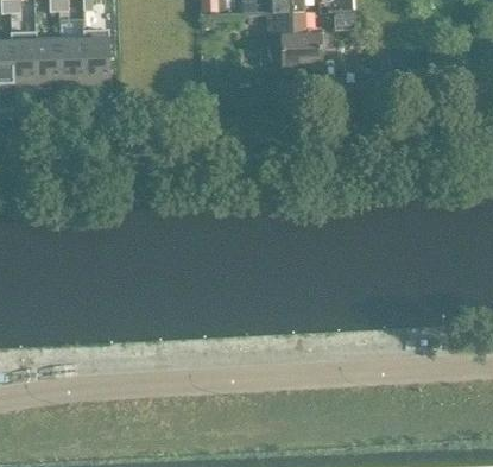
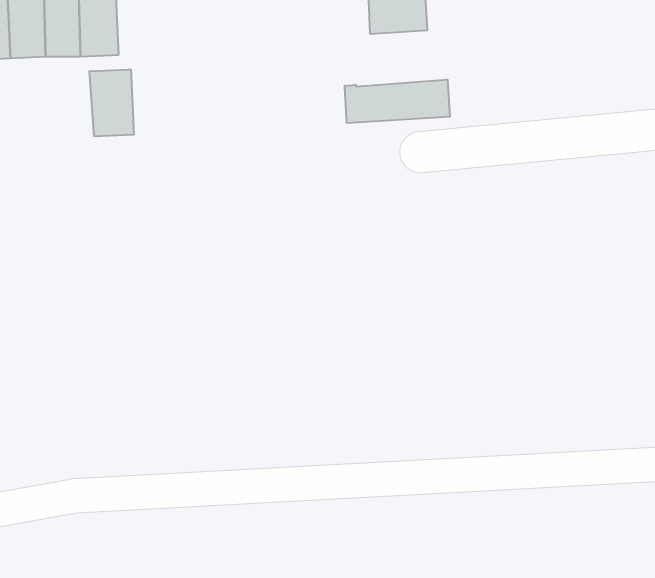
building: none -> [89,69,134,136]
building: none -> [345,79,450,123]

